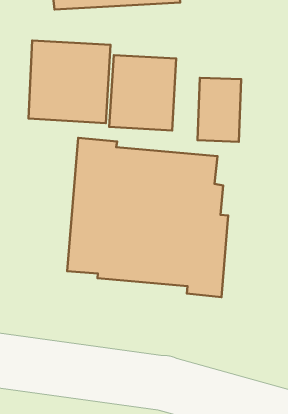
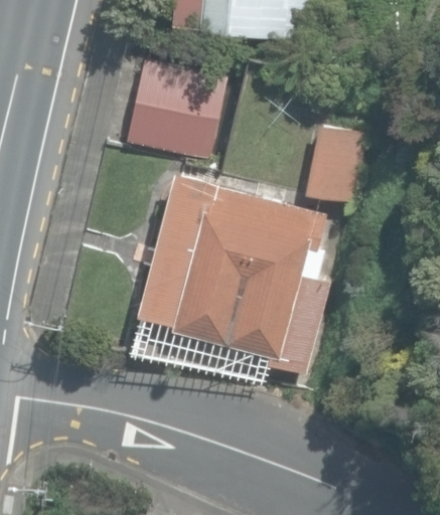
building: [109,55,176,131] -> none

